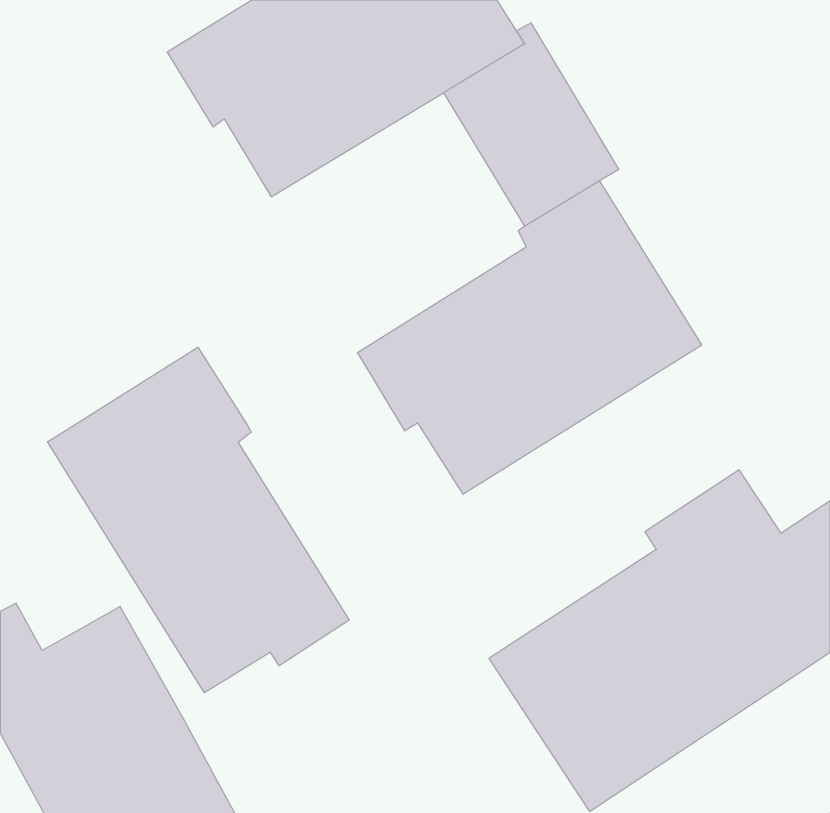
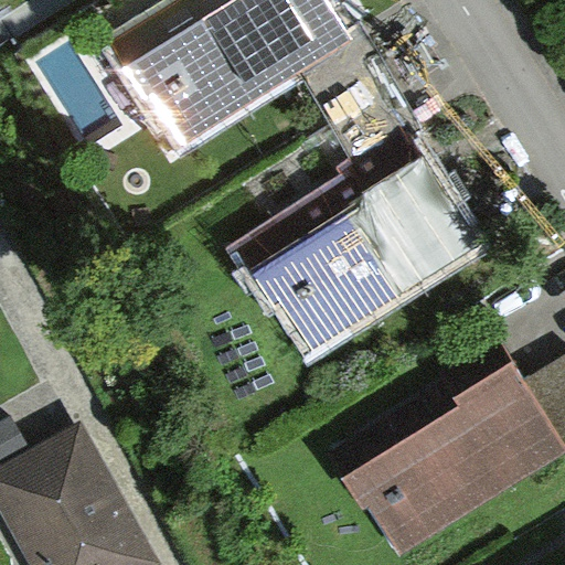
building: [47,347,349,693] -> none

